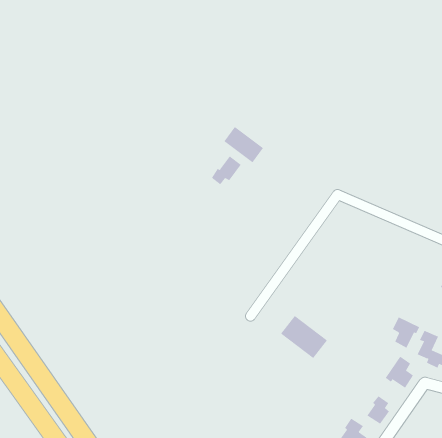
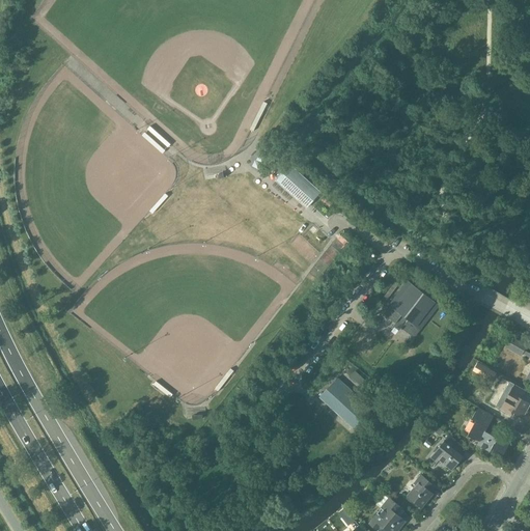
building: [211,155,241,185] -> none
building: none -> [382,280,438,337]
building: [392,316,420,348] -> none

